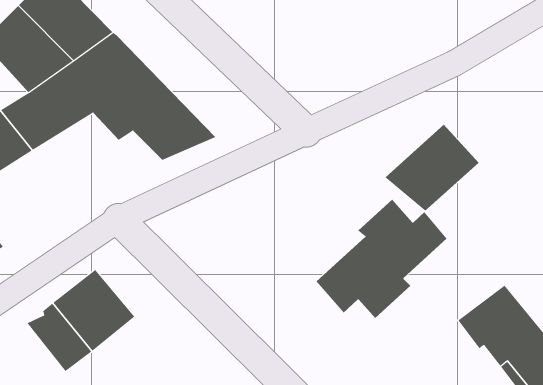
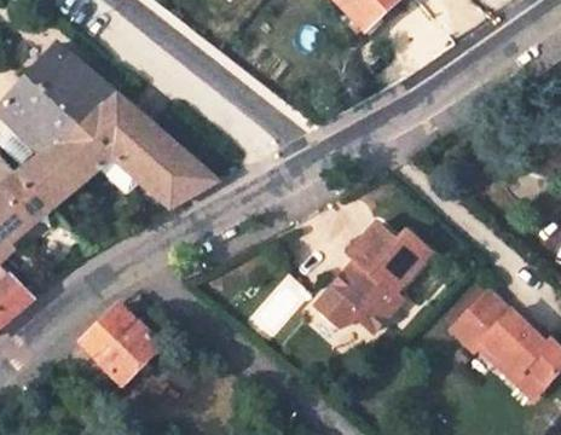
building: [385,124,479,212] -> none

